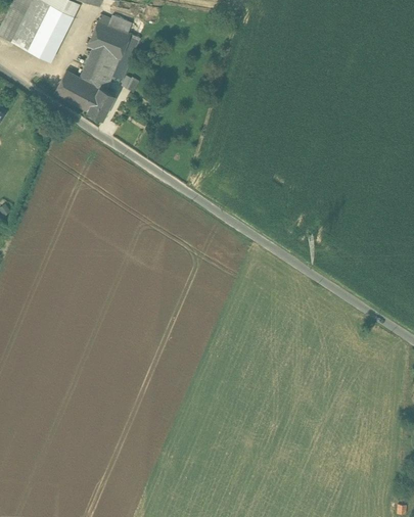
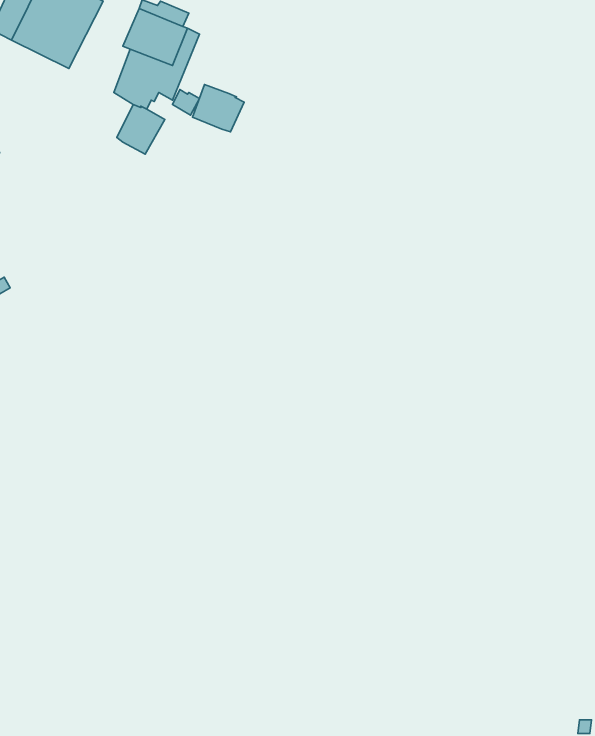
building: [53,69,94,107] -> none
building: none -> [193,84,244,132]

